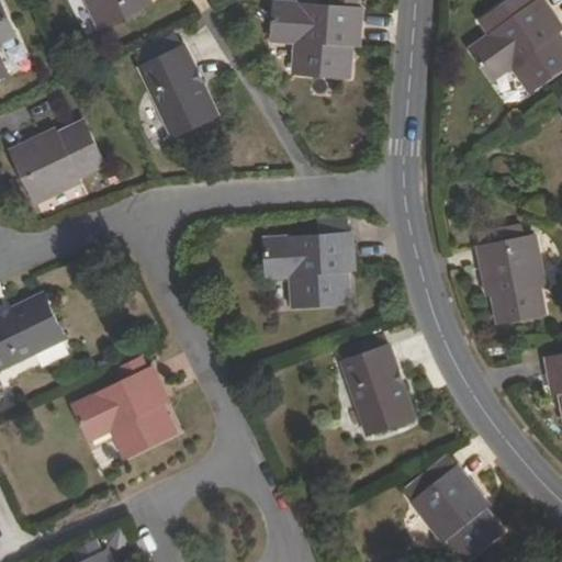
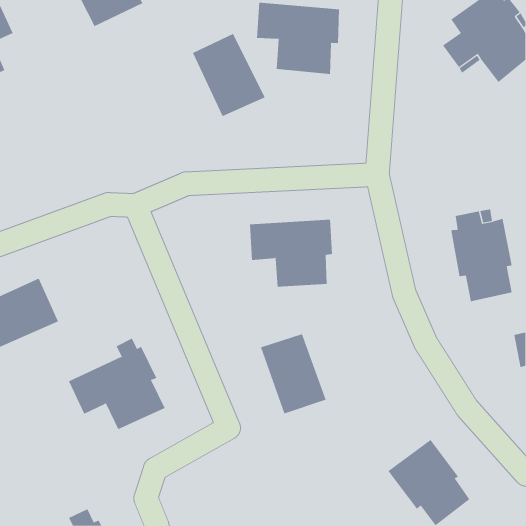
building: [140,47,218,136] -> [192,33,265,117]
building: [11,122,104,203] -> none
building: [344,347,414,432] -> [260,334,326,414]

